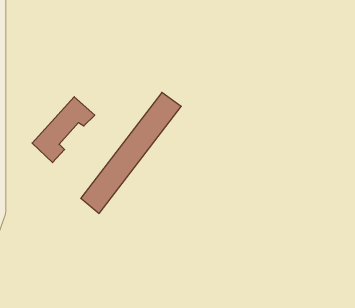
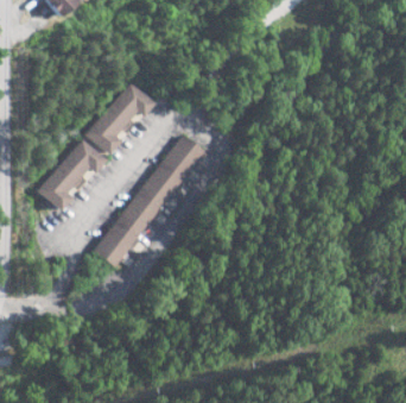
building: none -> [85,83,154,156]

